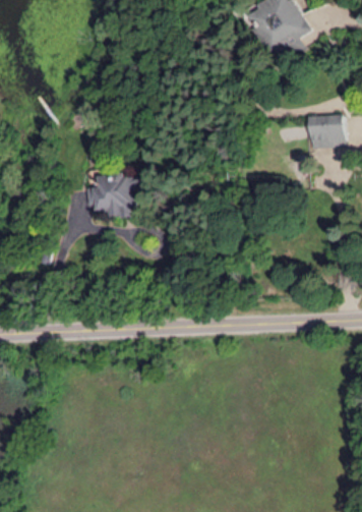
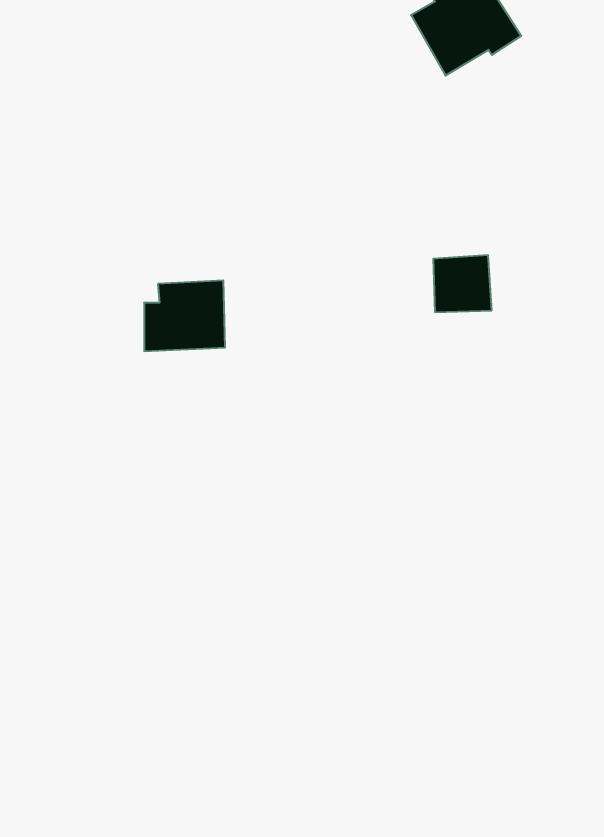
building: [308,113,343,147] -> [433,255,492,312]

